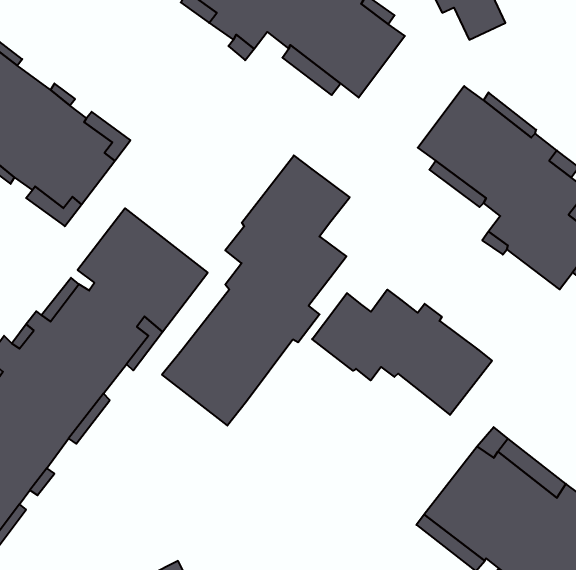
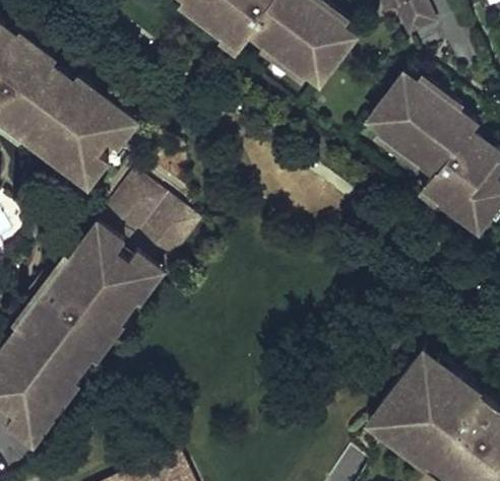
building: [162,155,350,426] -> none
building: [312,290,492,415] -> none

